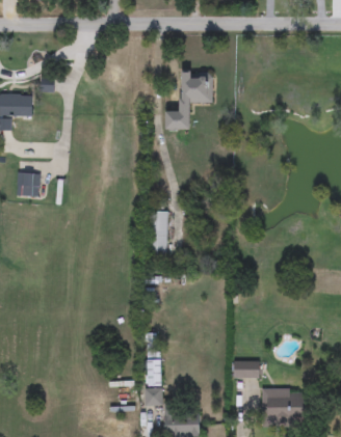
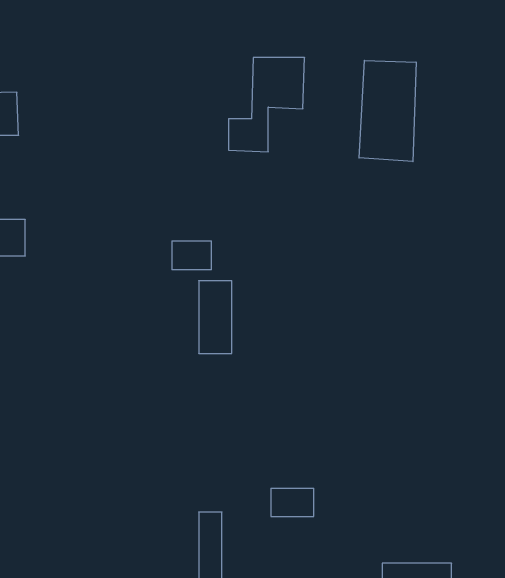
building: none -> [359,60,416,162]
building: none -> [172,241,211,270]
building: [234,361,261,379] -> [271,488,314,516]

